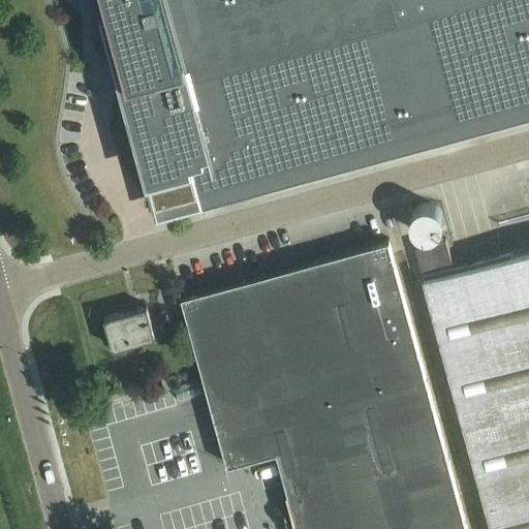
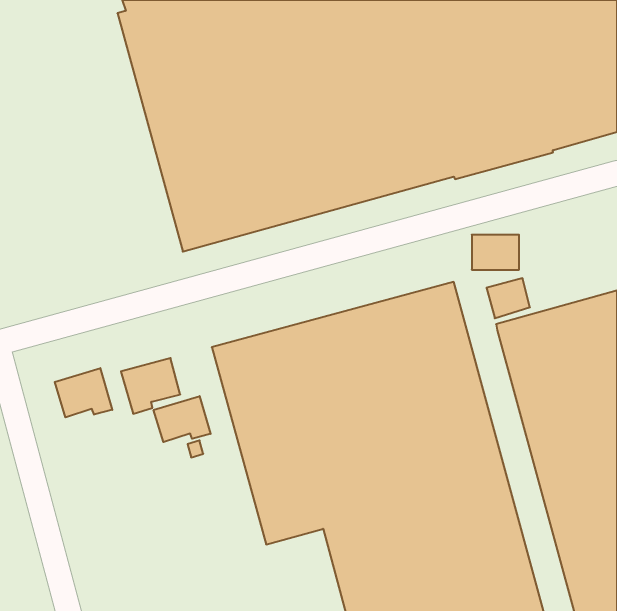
building: none -> [55,368,112,417]
building: none -> [154,396,211,442]

